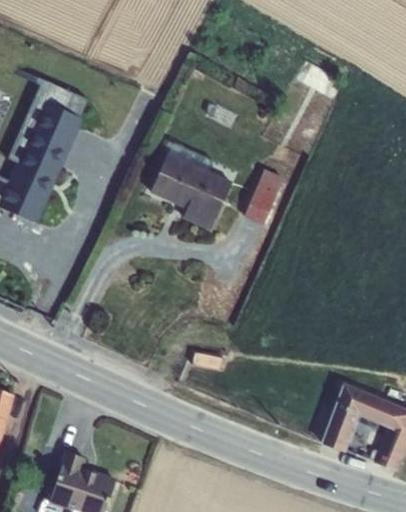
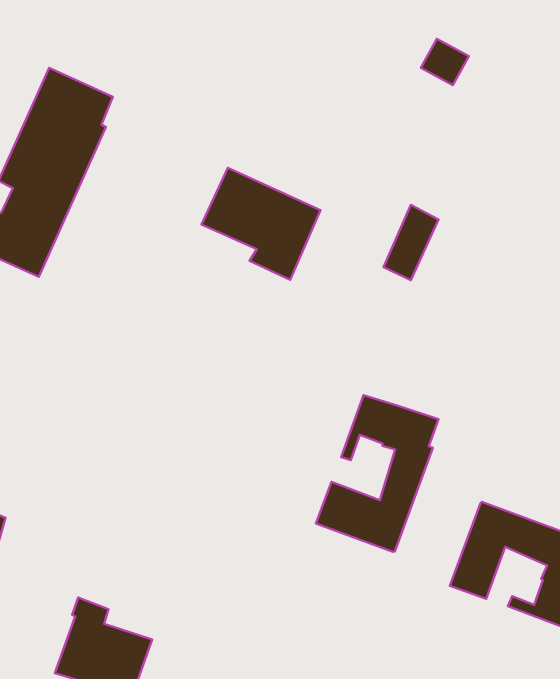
building: [243,171,281,223] -> [383,205,439,280]
building: none -> [316,395,439,552]

